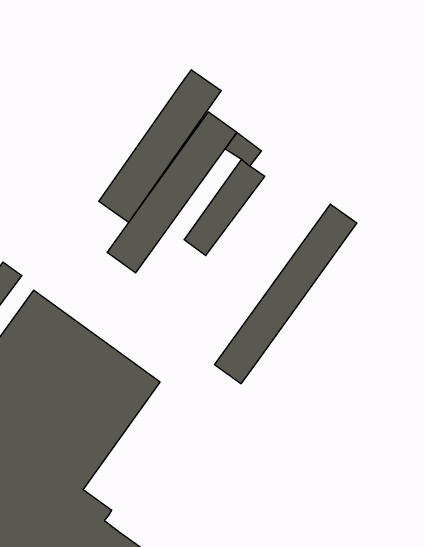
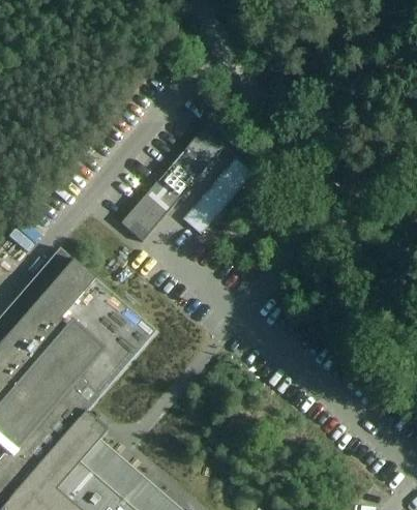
building: [99,70,221,222] -> none
building: [214,204,357,384] -> none

